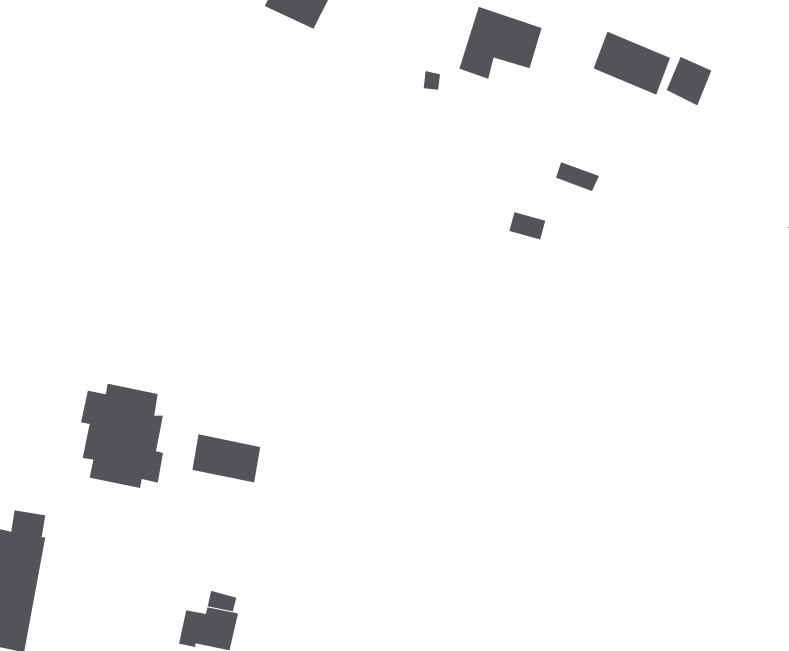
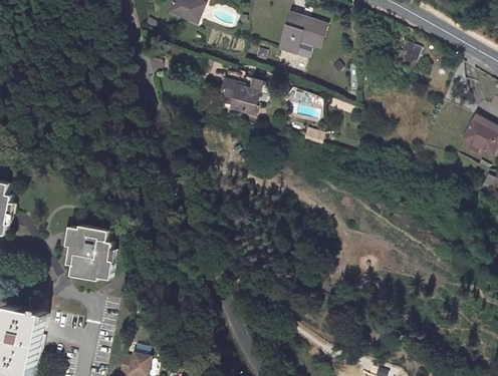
building: [593,31,671,96] -> none
building: none -> [219,78,259,110]
building: [192,433,261,483] -> none

